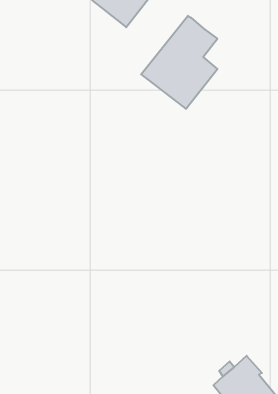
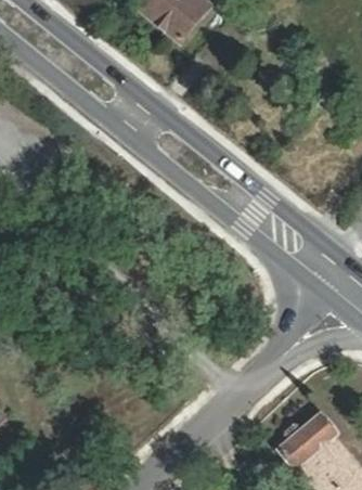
building: [141,16,217,109] -> none

